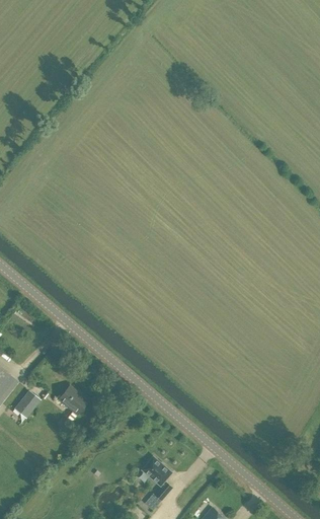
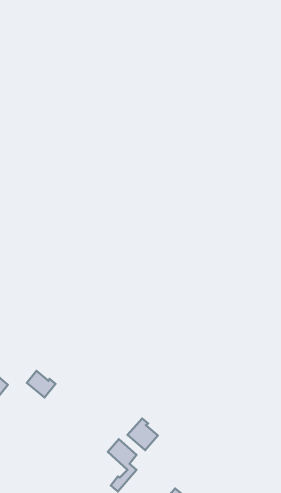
building: none -> [127,419,158,450]

